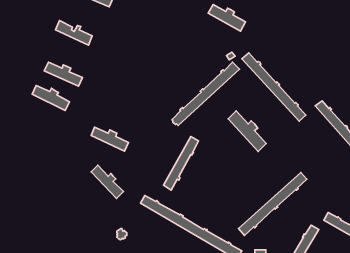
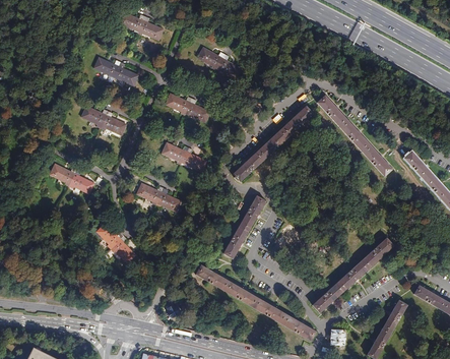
building: [208,5,245,31] -> [196,47,241,78]
building: none -> [164,93,209,121]
building: [32,86,70,110] -> [49,164,93,193]
building: none -> [160,142,206,171]
building: [228,111,266,151] -> none
building: [91,165,123,198] -> [97,223,135,262]

